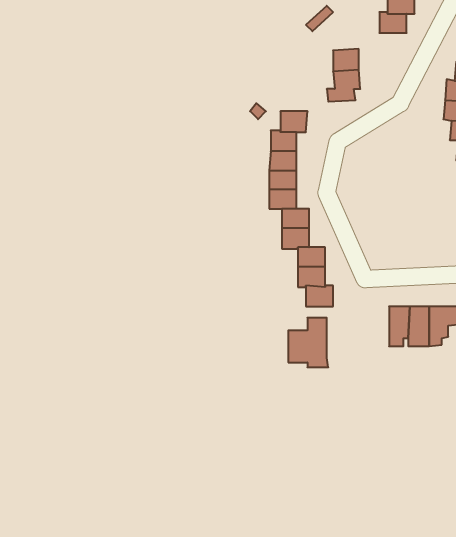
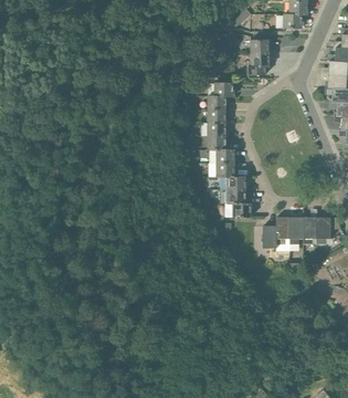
building: [288,318,328,367] -> [262,217,289,251]

